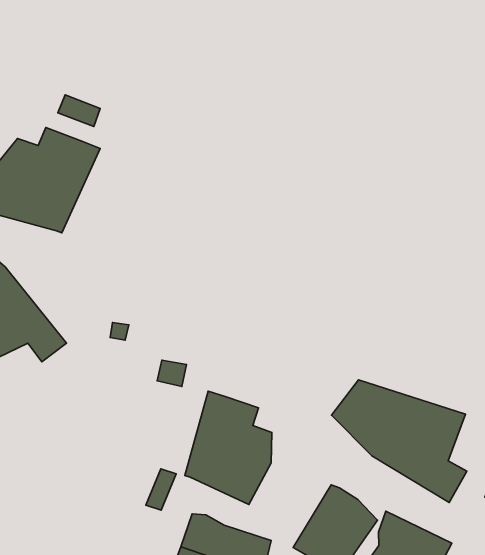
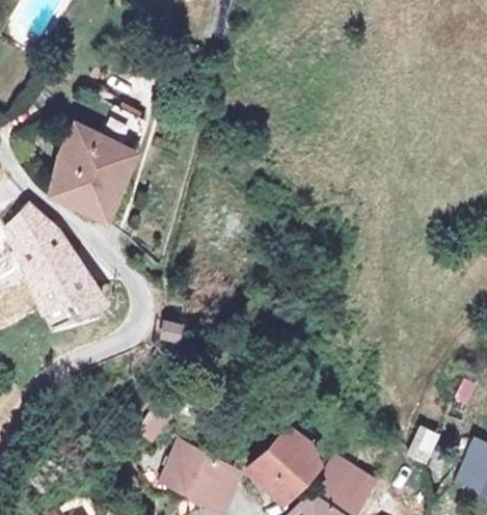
building: [331,380,467,502] -> none
building: [185,391,272,504] -> none

